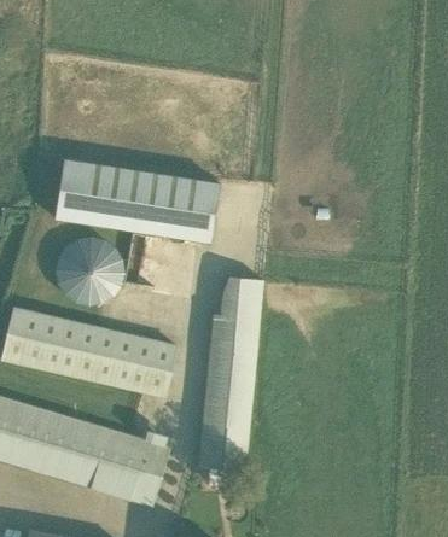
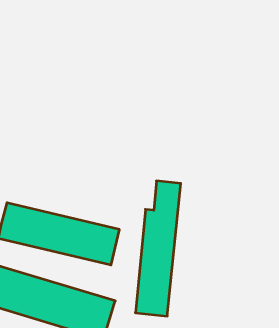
building: [54,159,219,243] -> none
building: [51,230,132,311] -> none

